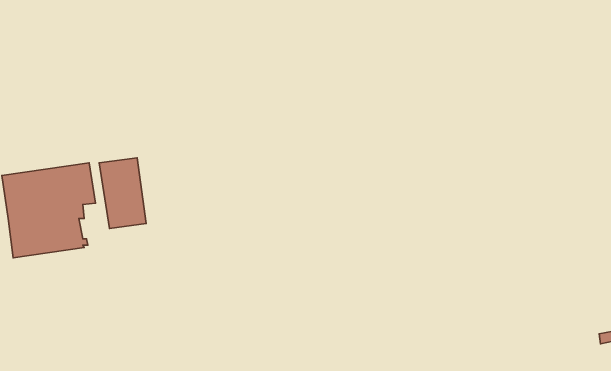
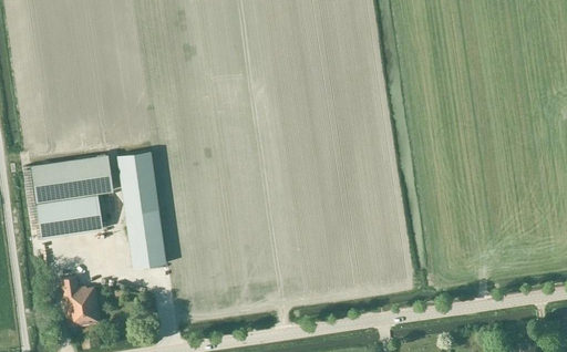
building: none -> [125,208,165,268]
building: none -> [60,276,100,327]

